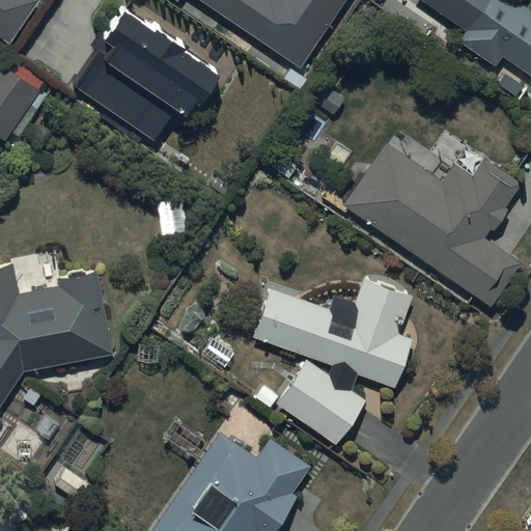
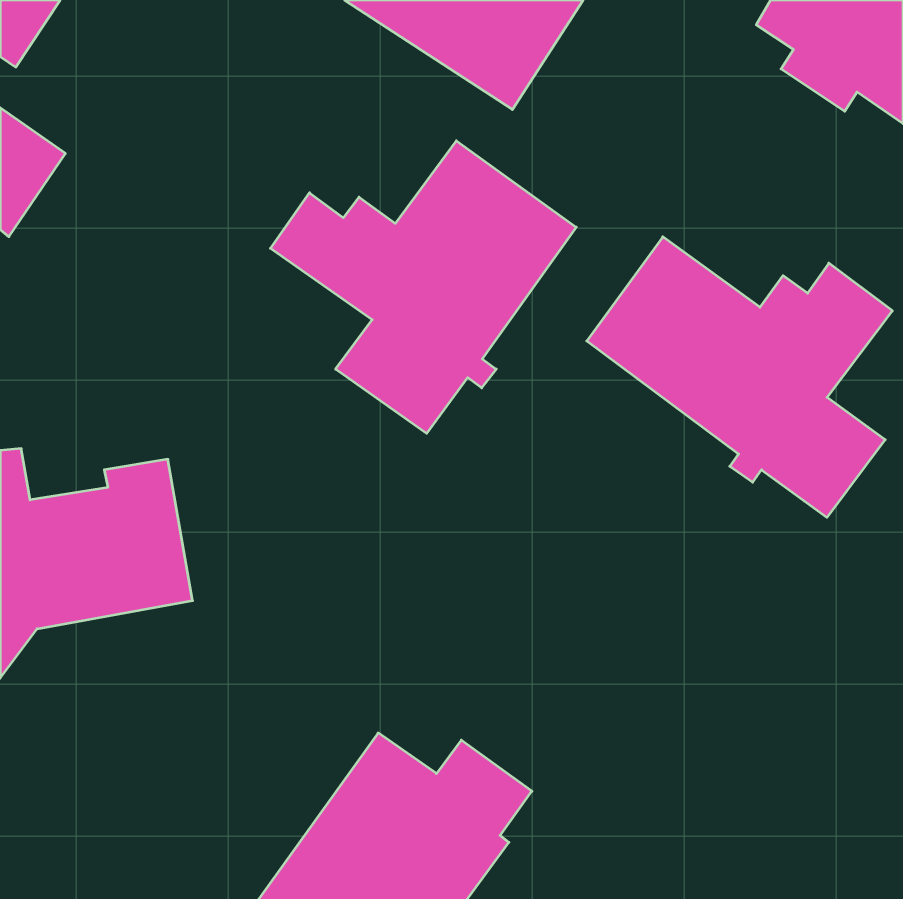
building: [79,12,226,141] -> none
building: none -> [270,141,576,433]
building: [253,278,413,444] -> none

